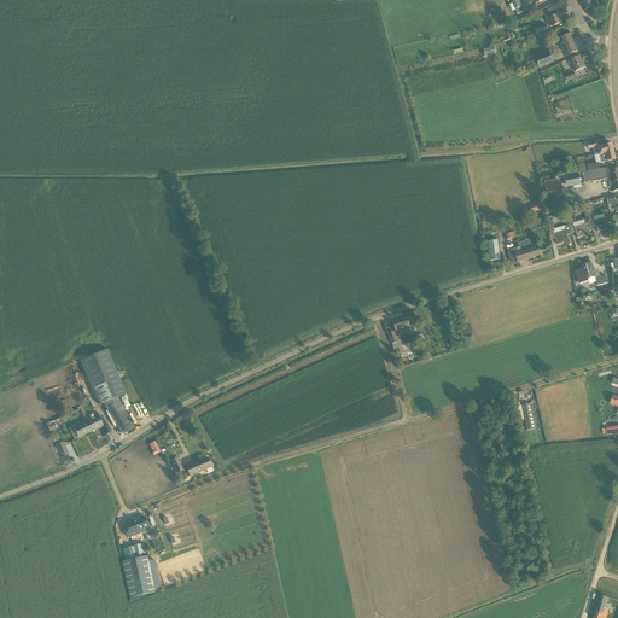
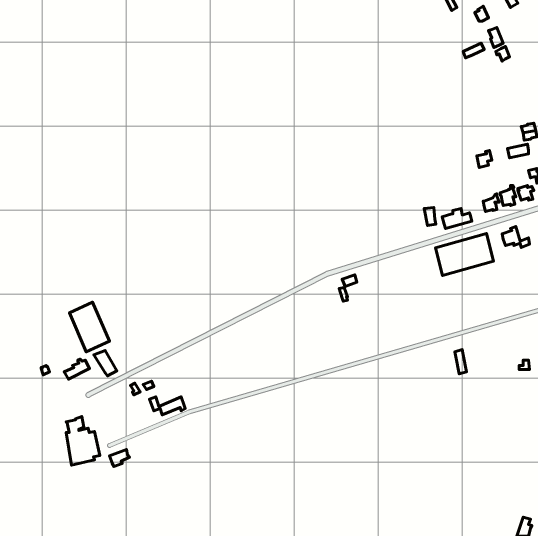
building: none -> [435,234,494,276]
building: [122,541,161,596] -> [66,417,100,465]

